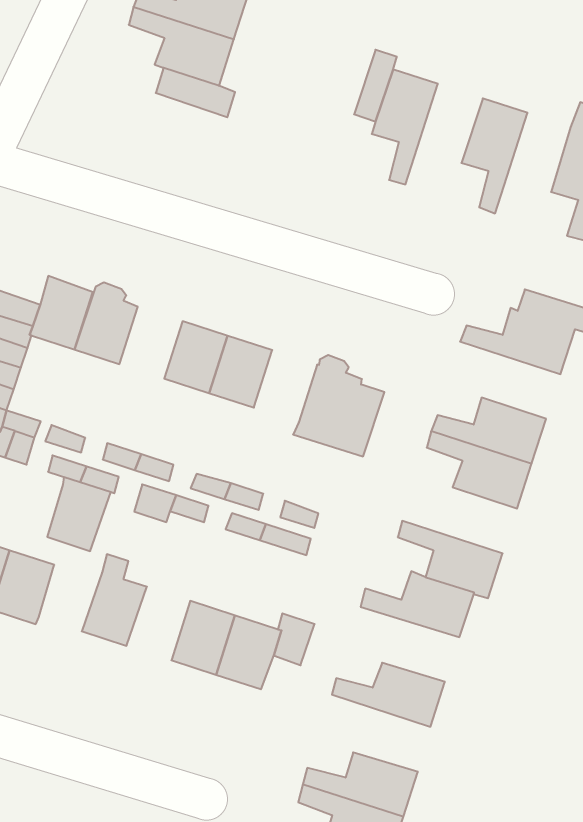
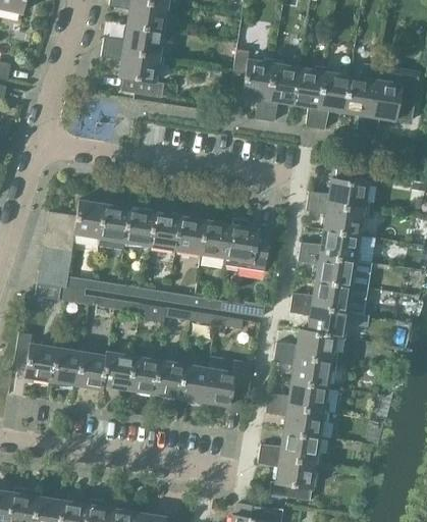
building: none -> [266,64,301,122]
building: none -> [317,72,351,130]
building: none -> [126,210,157,247]
building: none -> [308,202,366,237]
building: none -> [203,222,233,259]
building: [47,477,111,551] -> [104,353,135,390]
building: none -> [292,281,354,313]
building: none -> [154,361,184,399]
building: none -> [275,354,333,387]
building: none -> [267,404,325,438]

